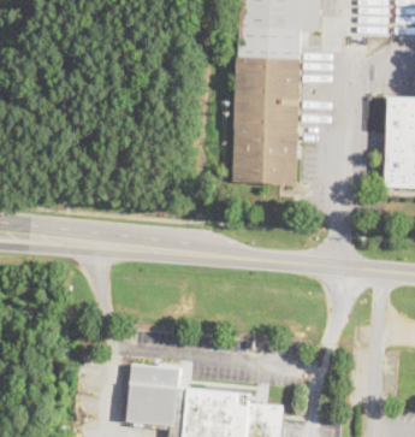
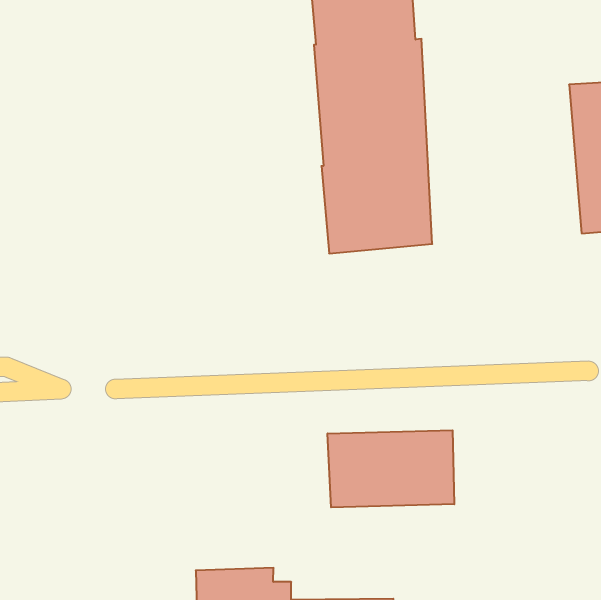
building: none -> [328,430,454,507]

